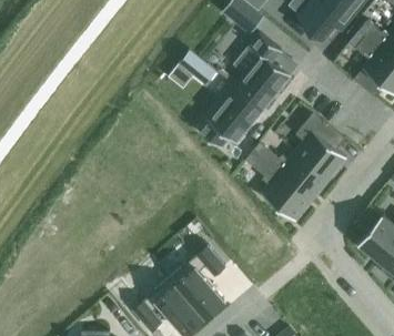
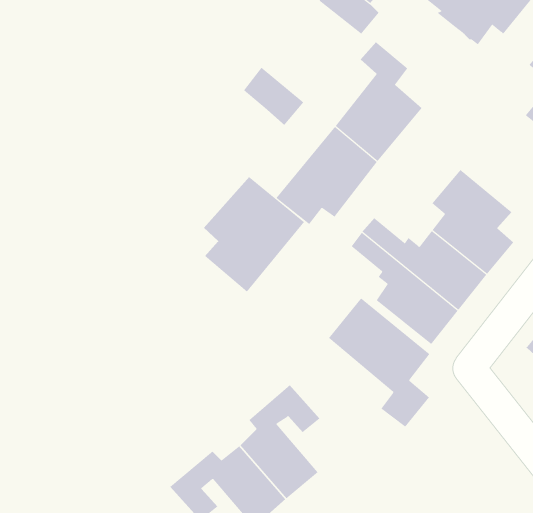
building: none -> [203,176,305,292]
building: none -> [328,298,430,428]

